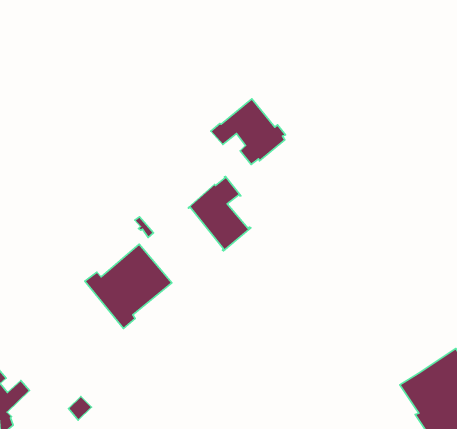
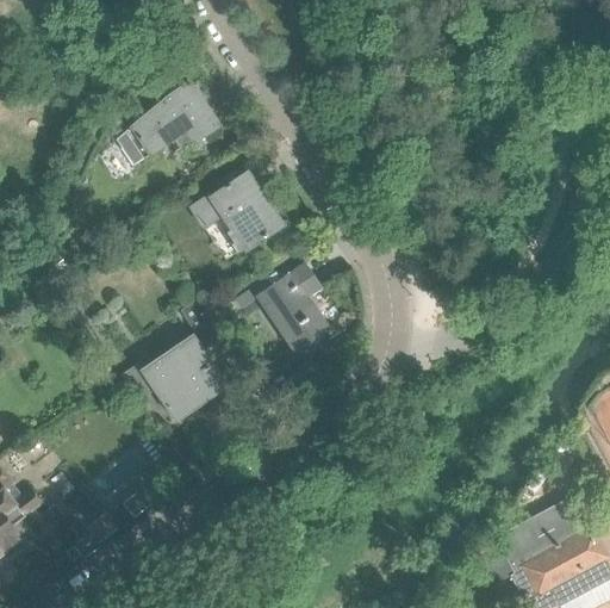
building: none -> [117,80,214,165]
building: [211,99,285,164] -> [192,172,282,252]

